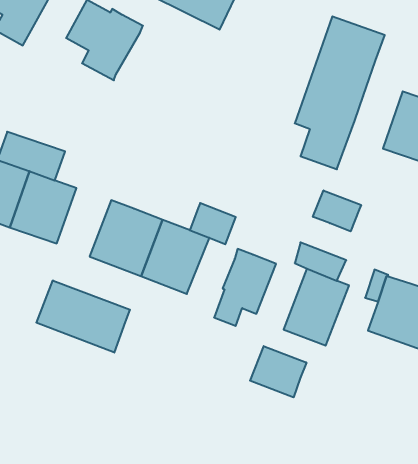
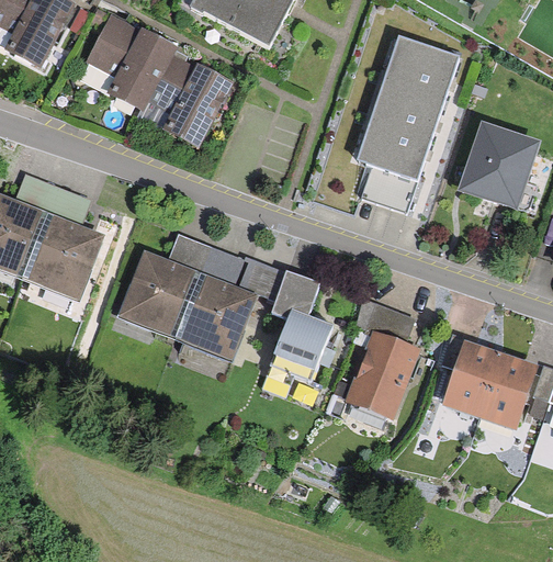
building: none -> [146,54,233,148]
building: none -> [167,233,242,285]
building: [313,190,361,231] -> none
building: none -> [270,270,318,318]
building: [36,280,130,353] -> none
building: [250,346,306,397] -> none

